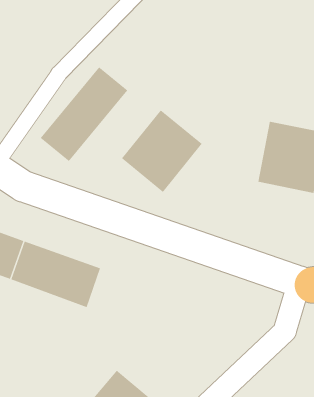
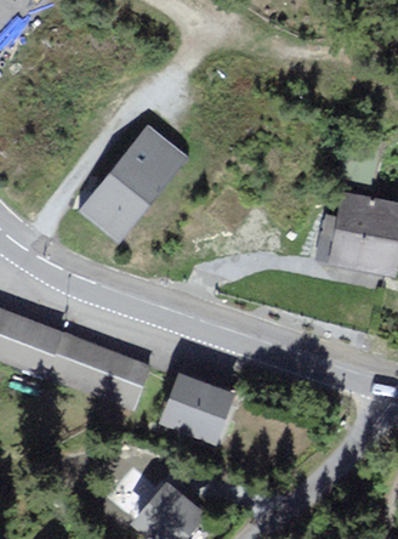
building: [121,109,202,193] -> none
building: none -> [157,371,235,447]

